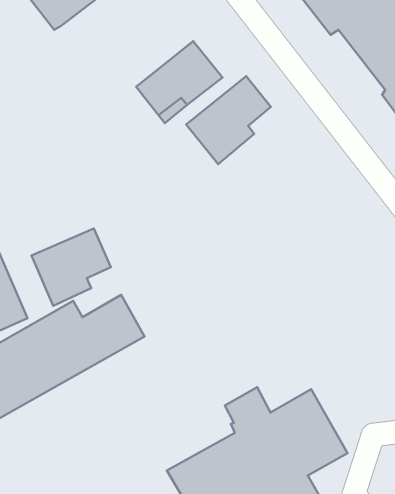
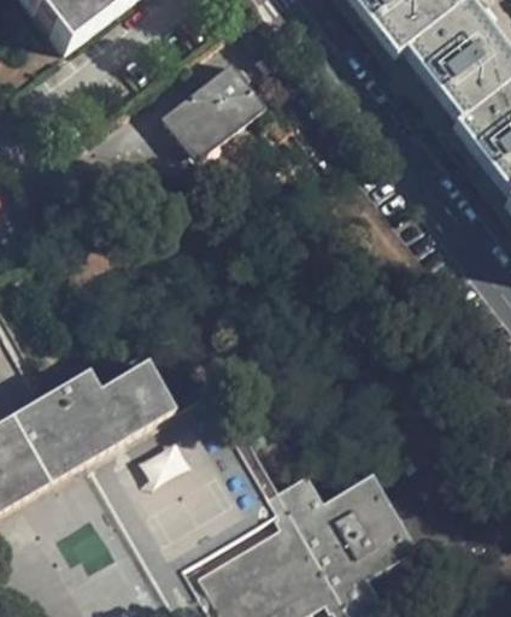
building: [186,76,271,164] -> none
building: [31,229,111,306] -> none

